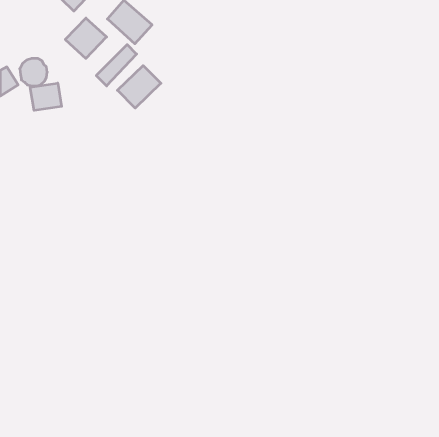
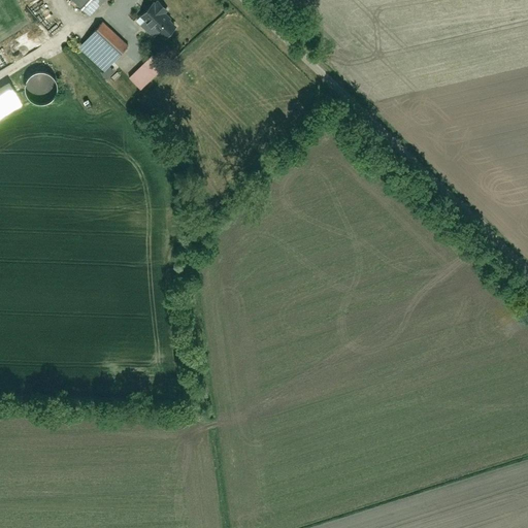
building: [117,66,161,108] -> none
building: [30,83,62,110] -> none

